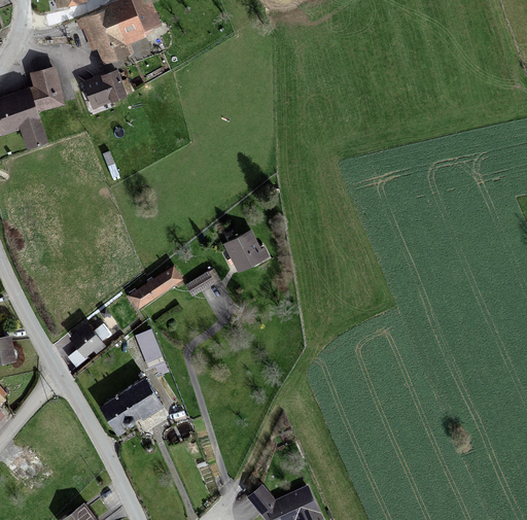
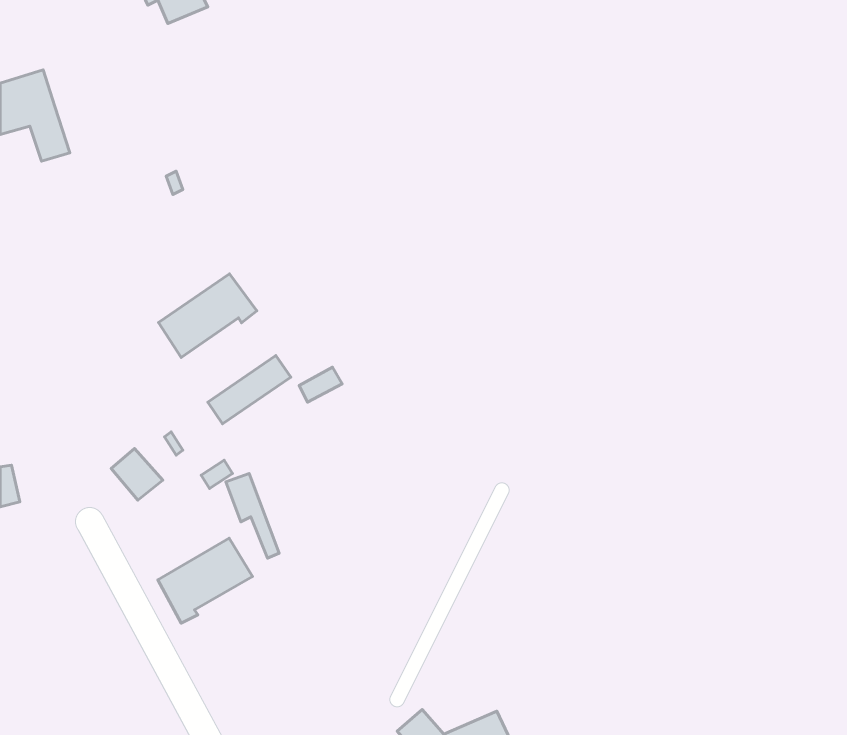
building: [28,66,65,112] -> none
building: [85,72,128,108] -> none
building: none -> [158,274,257,358]
building: [225,231,266,271] -> none

